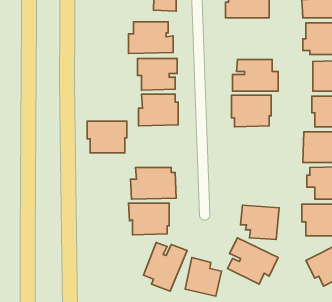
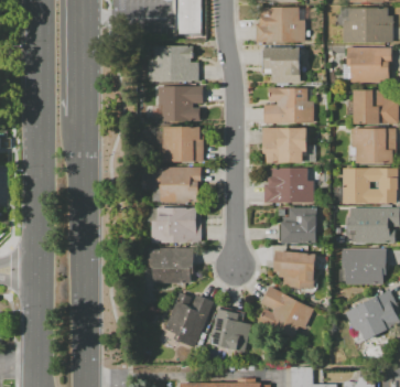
building: none -> [263,47,300,83]
building: [87,121,127,153] -> [156,166,201,202]
building: none -> [264,169,314,203]
building: none -> [280,207,315,244]

